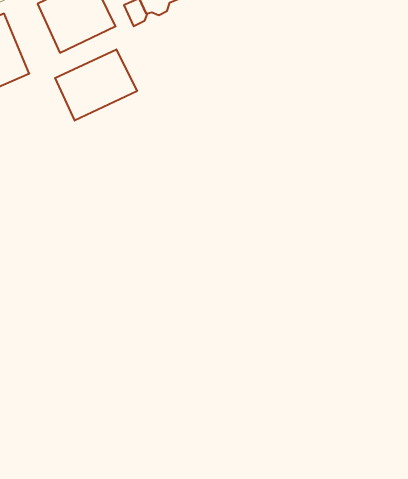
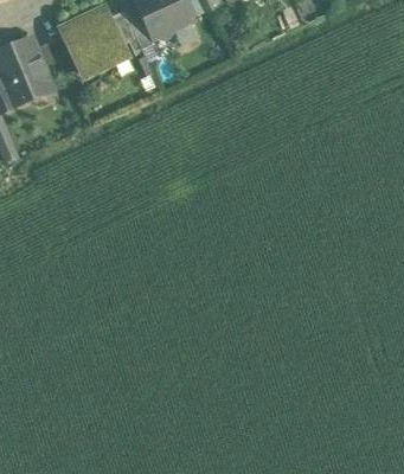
building: [55,49,137,121] -> none

